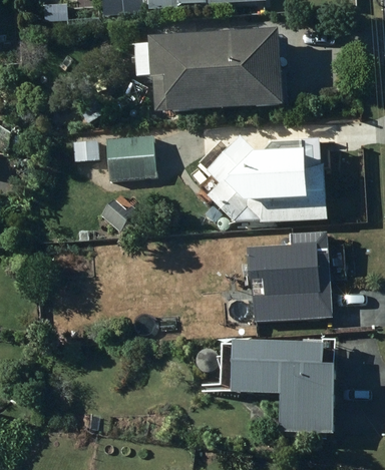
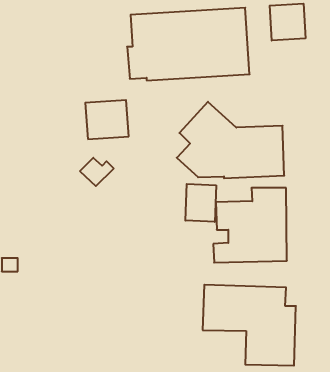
building: none -> [270,4,305,41]
building: none -> [185,184,216,222]

